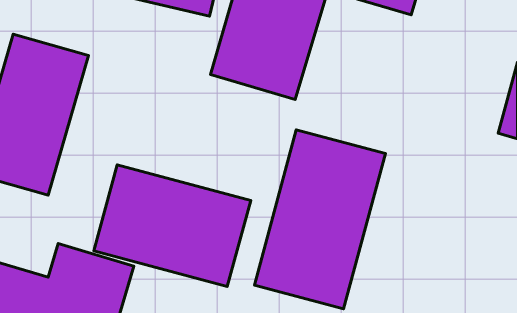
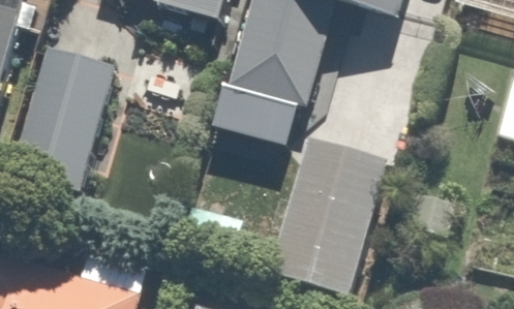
building: [94,165,251,287] -> none

